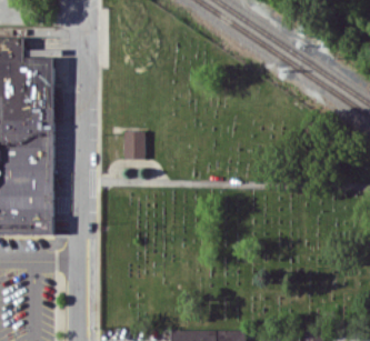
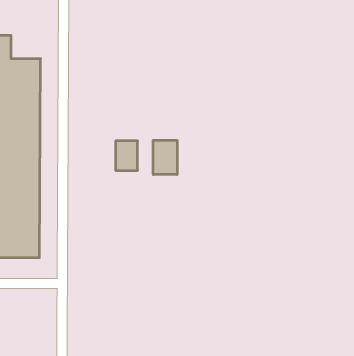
building: none -> [153,140,177,175]

